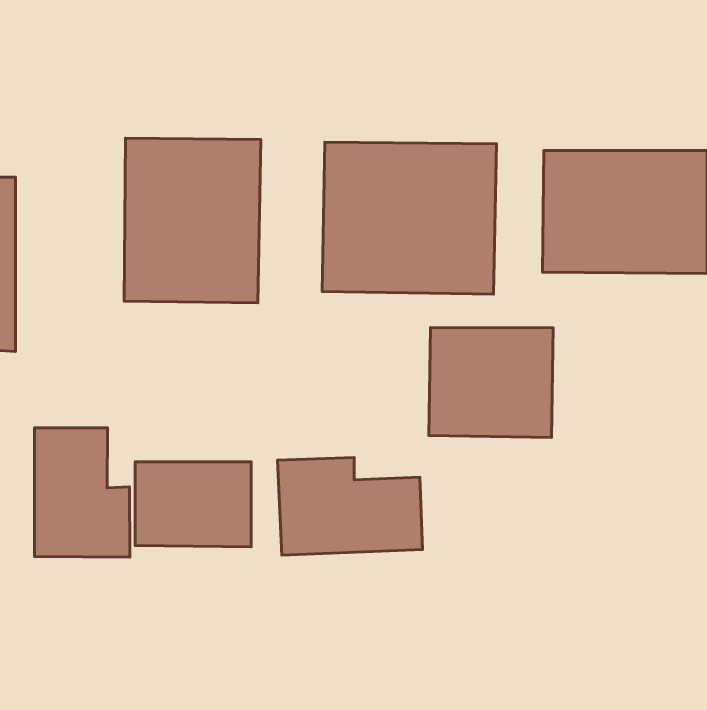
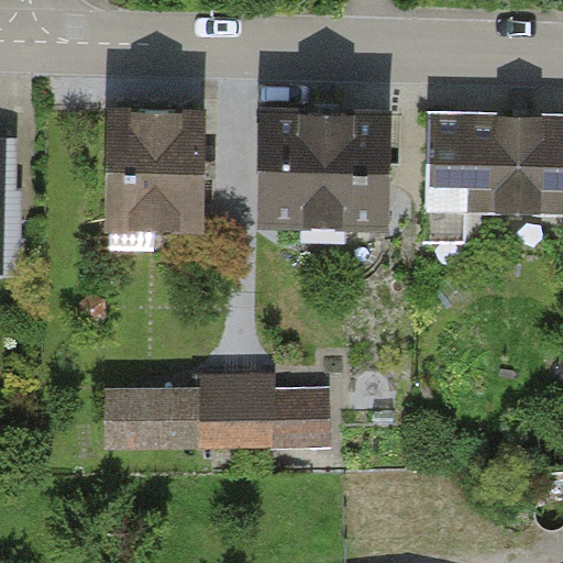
building: [429,327,553,437] -> none
building: [35,428,130,557] -> none

